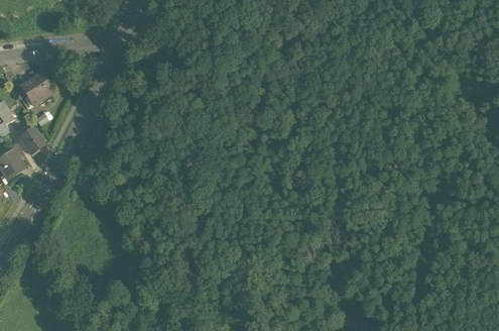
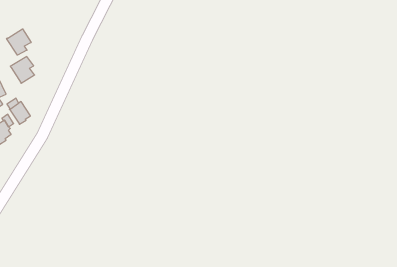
building: none -> [7,29,31,55]

